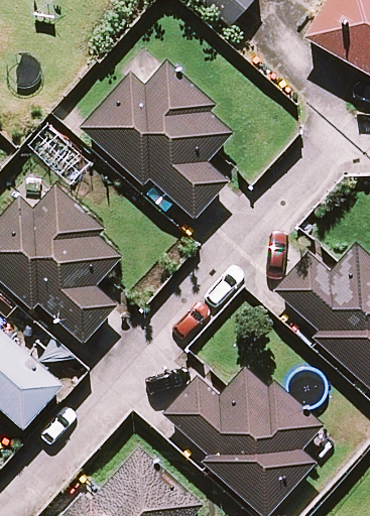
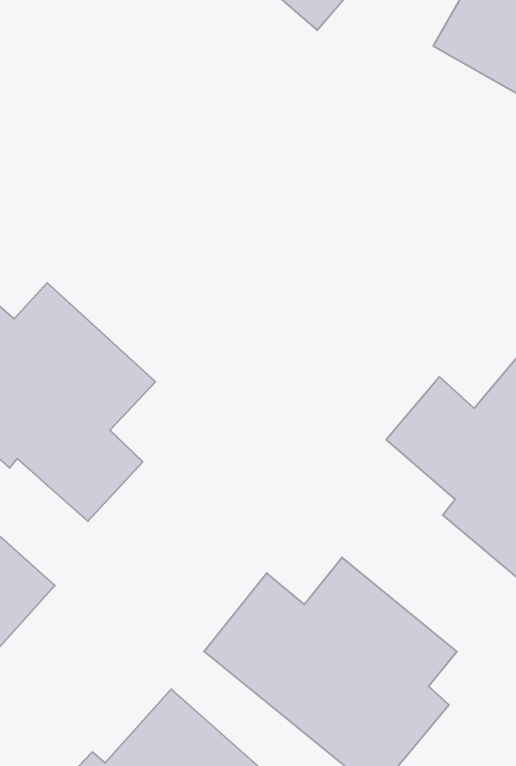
building: [84,51,235,219] -> none

